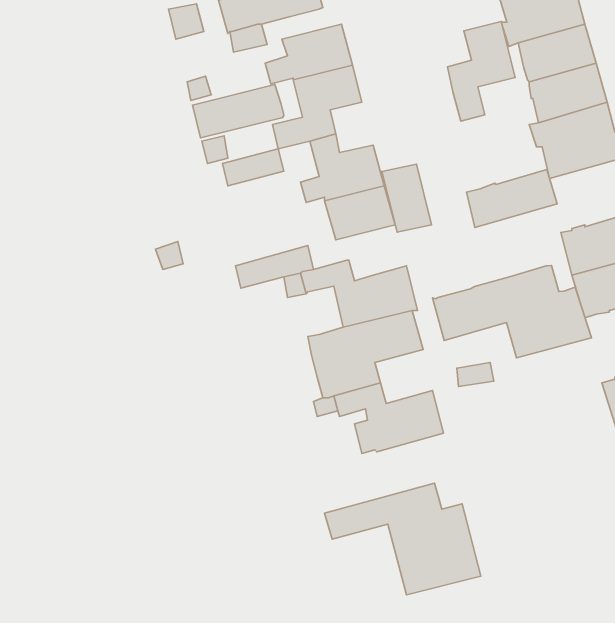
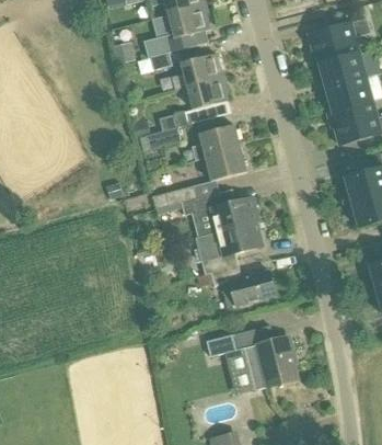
building: [448,21,515,121] -> none
building: [193,85,284,138] -> none
building: [382,164,432,232] -> none
building: [466,170,557,227] -> none
building: [433,265,591,358] -> none

